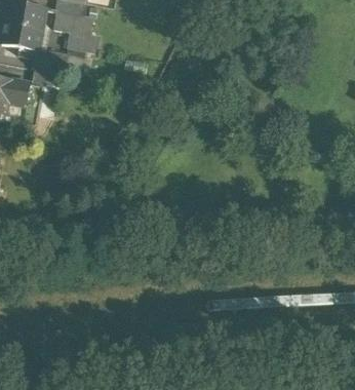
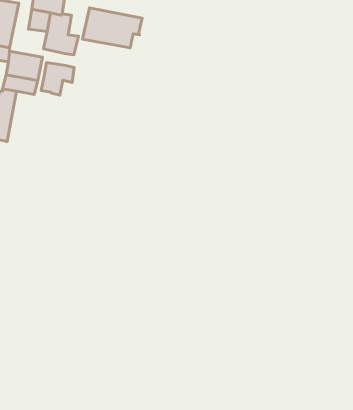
building: none -> [82,8,142,48]
building: none -> [41,63,74,95]

